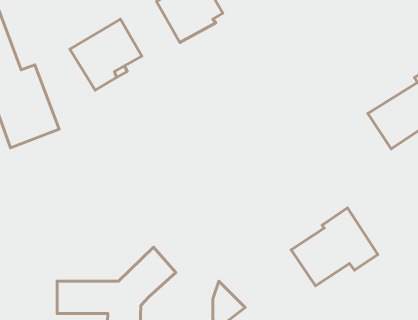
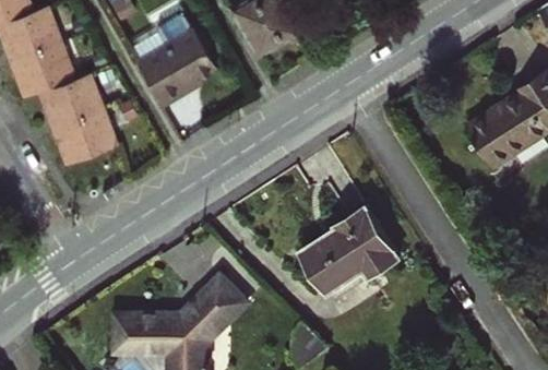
building: [291,208,378,286] -> [306,202,403,289]

